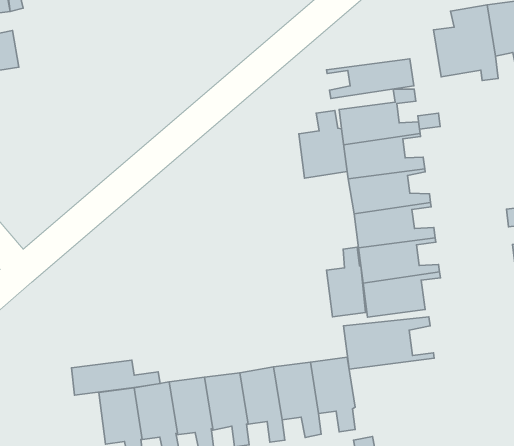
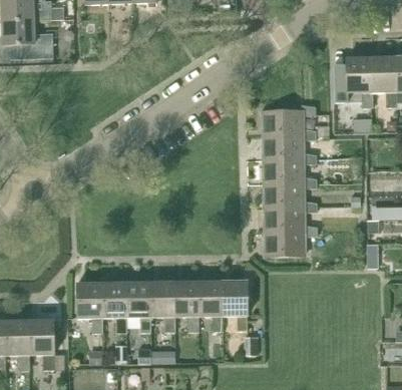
building: [327,59,414,98] -> none
building: [299,110,347,178] -> none
building: [326,247,366,317] -> none
building: [344,317,434,369] -> none
building: [72,360,160,395] -> none

